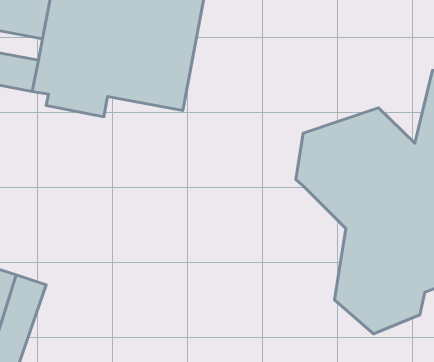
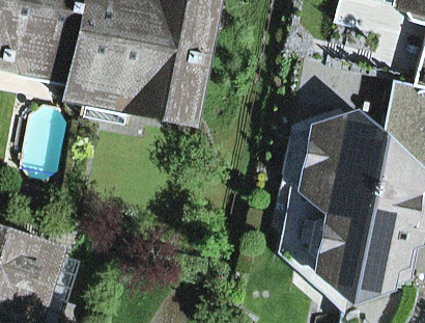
building: none -> [281,169,351,306]

